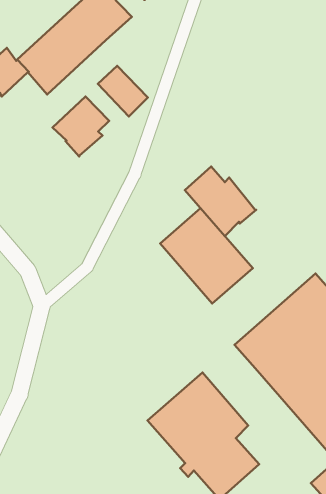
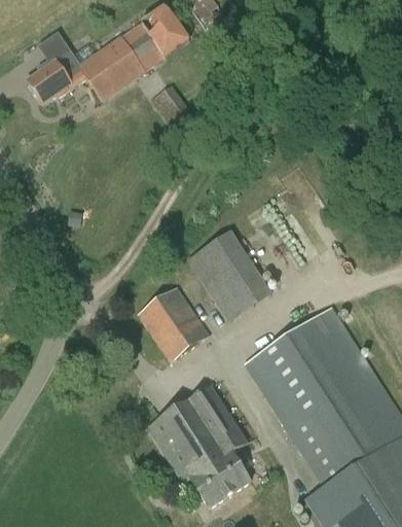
building: [53,96,109,156] -> none
building: [185,167,256,236] -> none
building: none -> [136,284,209,362]

